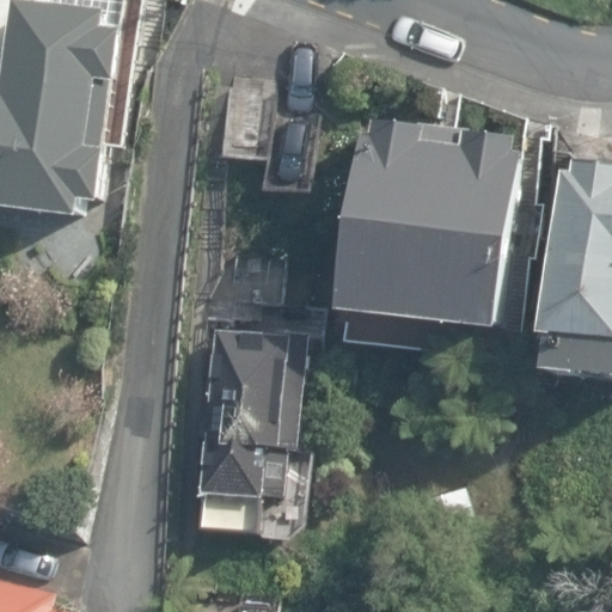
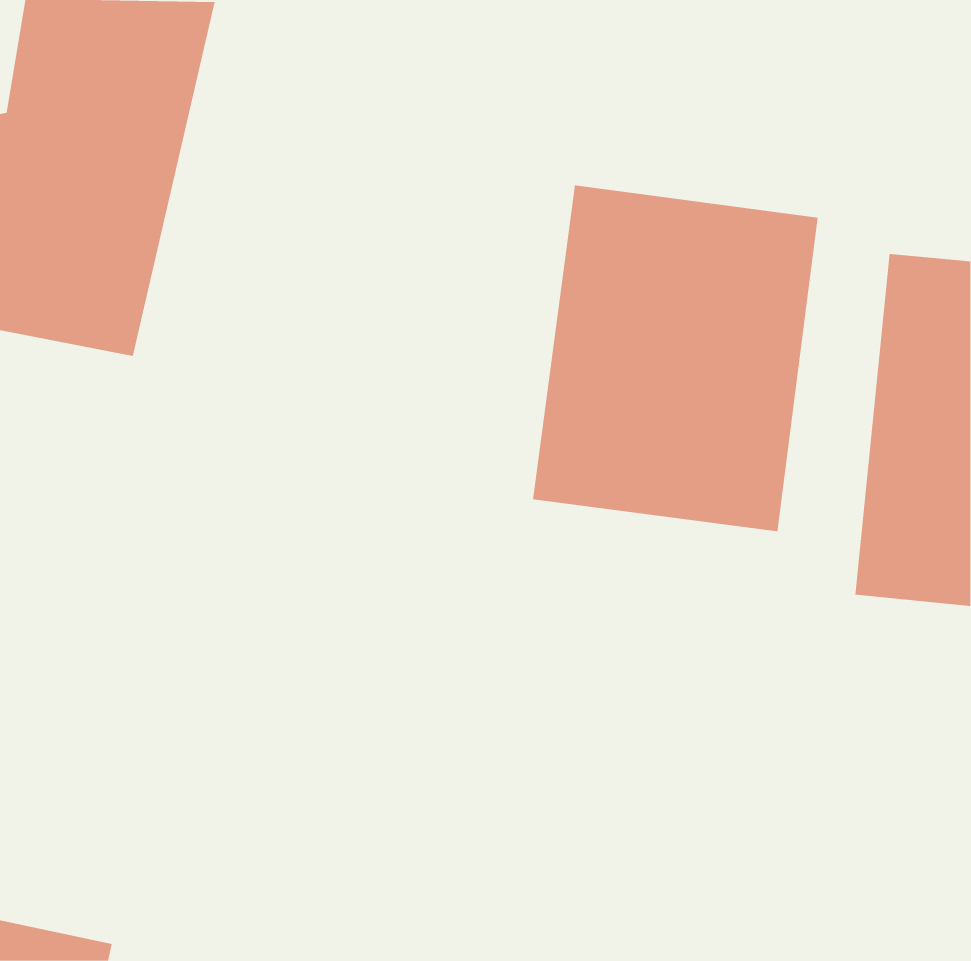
building: [201,323,306,525] -> none

